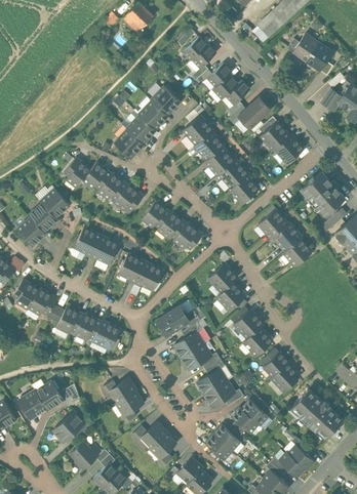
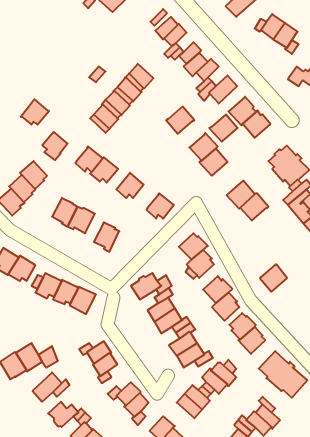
building: [183,116,212,145] -> none
building: [204,147,234,175] -> [209,114,238,142]
building: [82,162,112,189] -> [21,99,49,125]
building: [157,212,187,238] -> none
building: [283,238,312,266] -> [260,265,287,292]
building: [134,262,163,290] -> none

